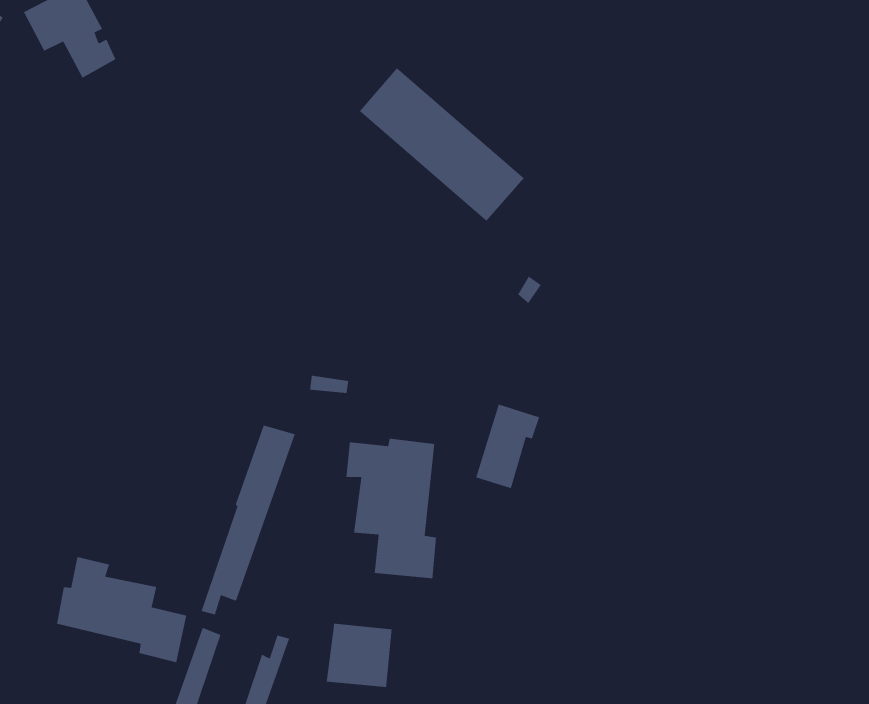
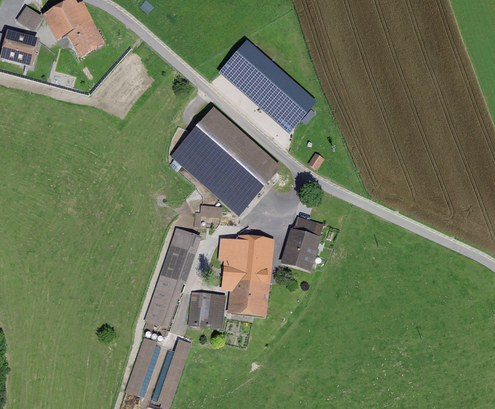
building: none -> [175,113,270,210]
building: [56,556,187,663] -> none
building: [326,623,393,688] -> [188,293,223,327]

